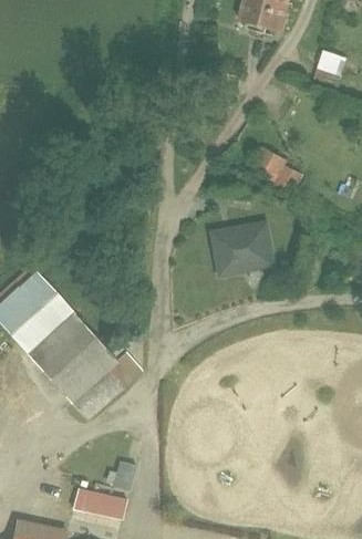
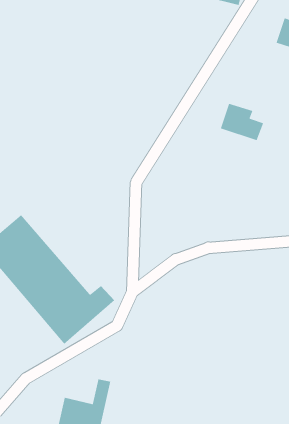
building: [215,222,275,274] -> none

